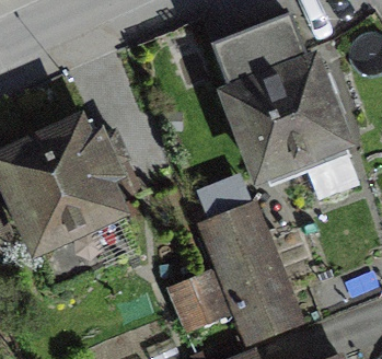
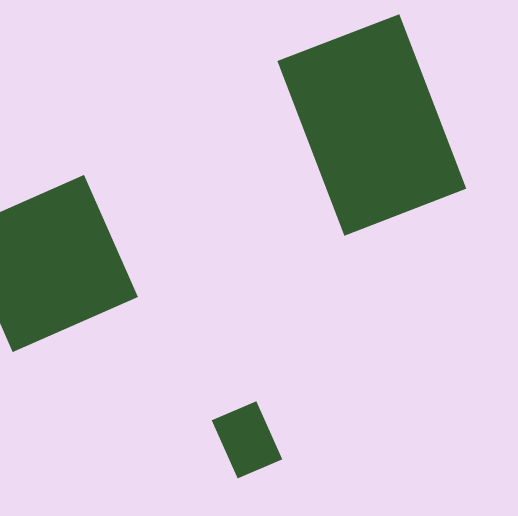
building: [206,209,296,338] -> none

